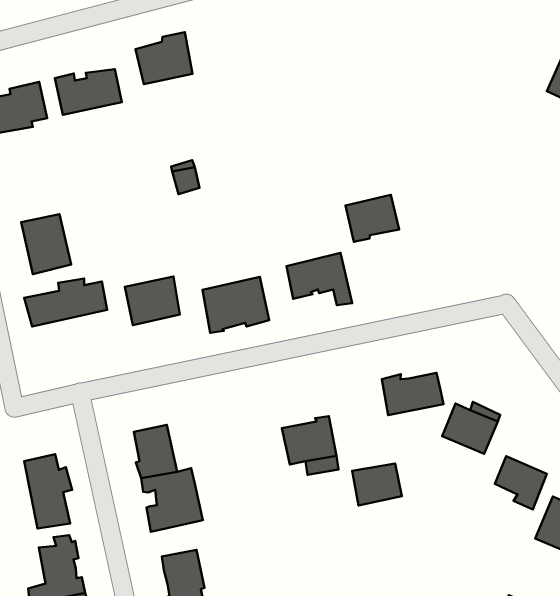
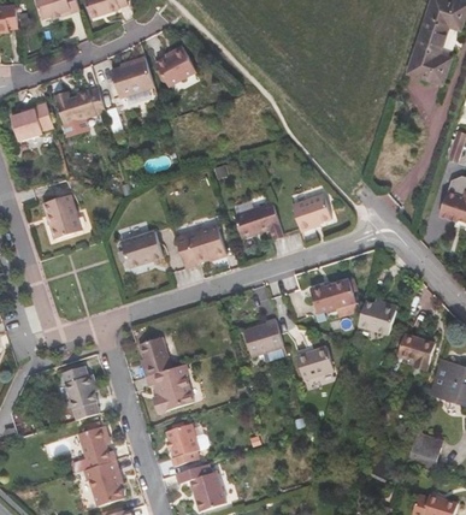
building: none -> [155,48,195,88]
building: [346,195,399,242] -> [291,194,331,230]
building: [24,278,107,327] -> none

